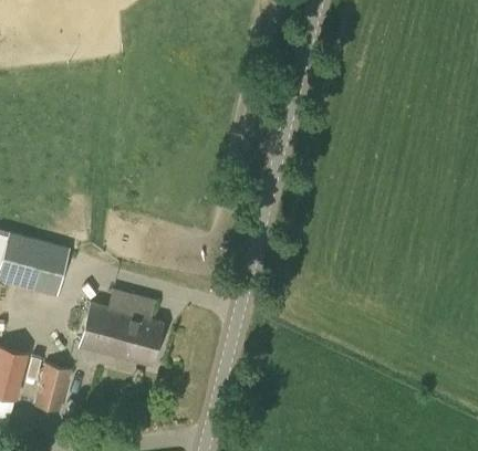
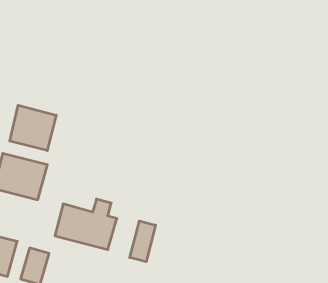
building: none -> [10,105,56,151]
building: none -> [130,221,156,262]

